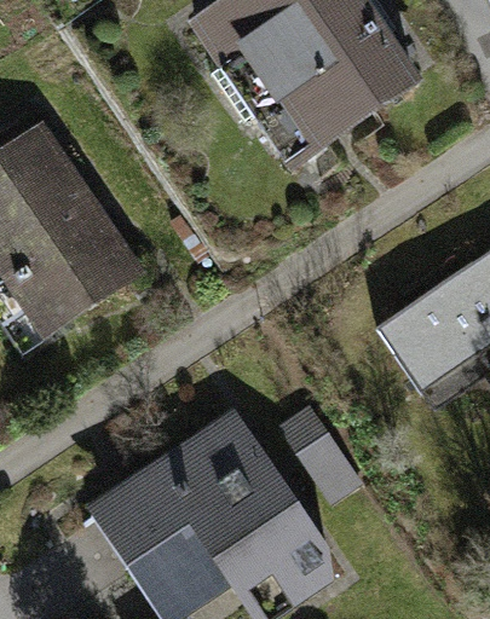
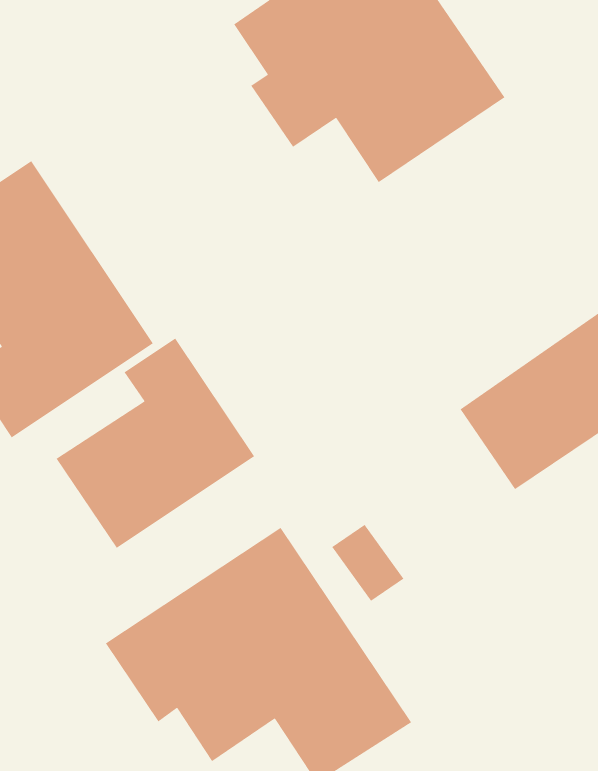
building: none -> [56,337,255,549]

